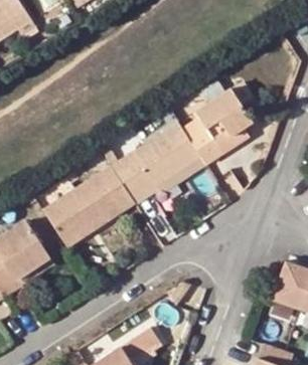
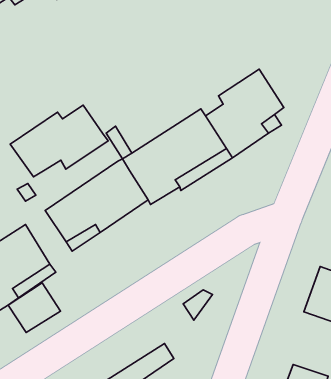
building: none -> [10,105,108,177]
building: none -> [8,283,60,333]

